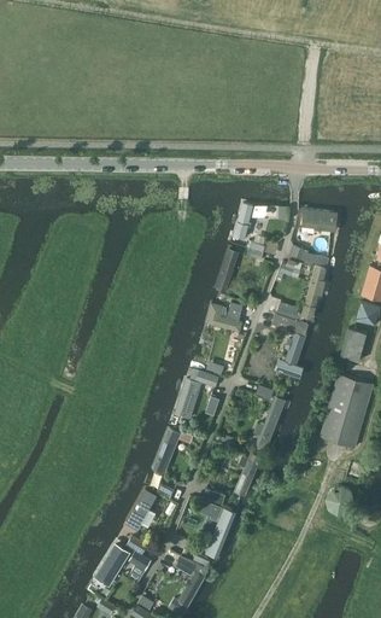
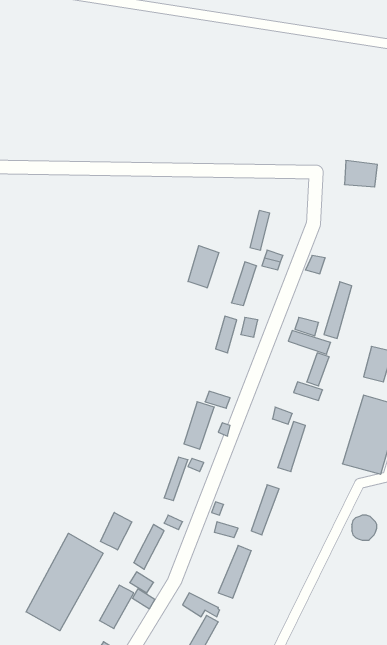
building: [303,210,333,234] -> [344,161,377,187]
building: none -> [188,246,219,288]
building: none -> [101,512,132,550]
building: none -> [26,533,103,631]

